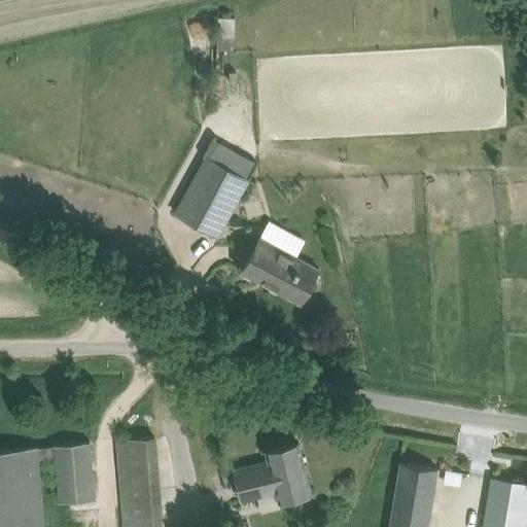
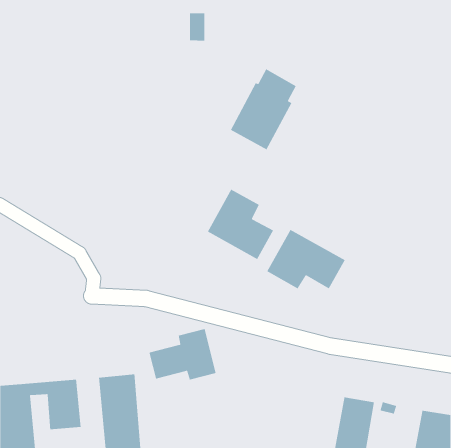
building: [175,144,253,240] -> [230,68,297,151]
building: none -> [266,229,346,289]
building: [232,446,311,506] -> [149,328,217,380]

